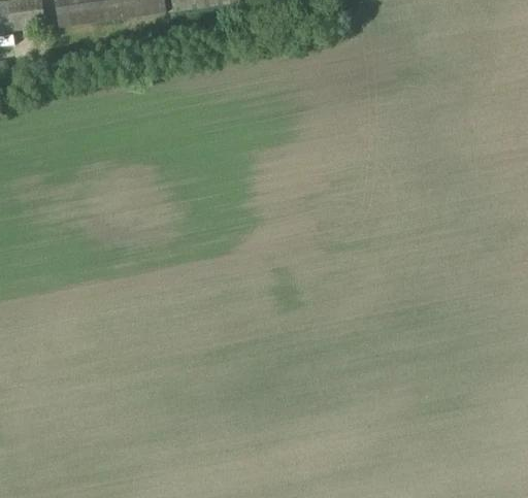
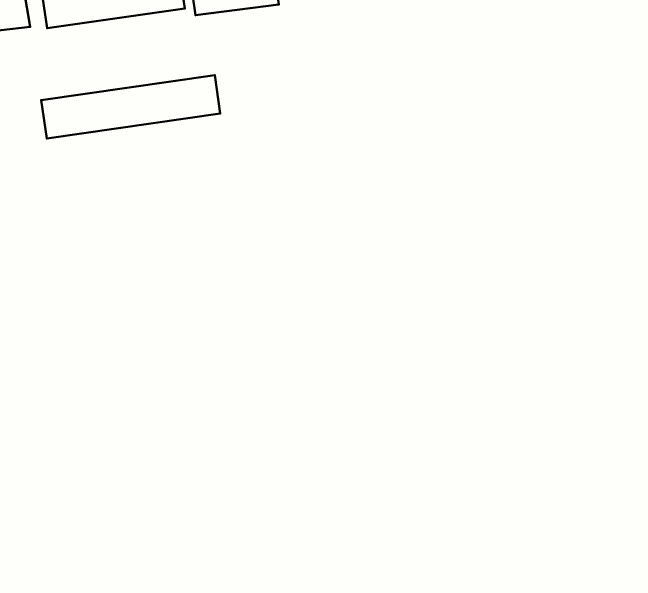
building: none -> [41,75,220,139]

